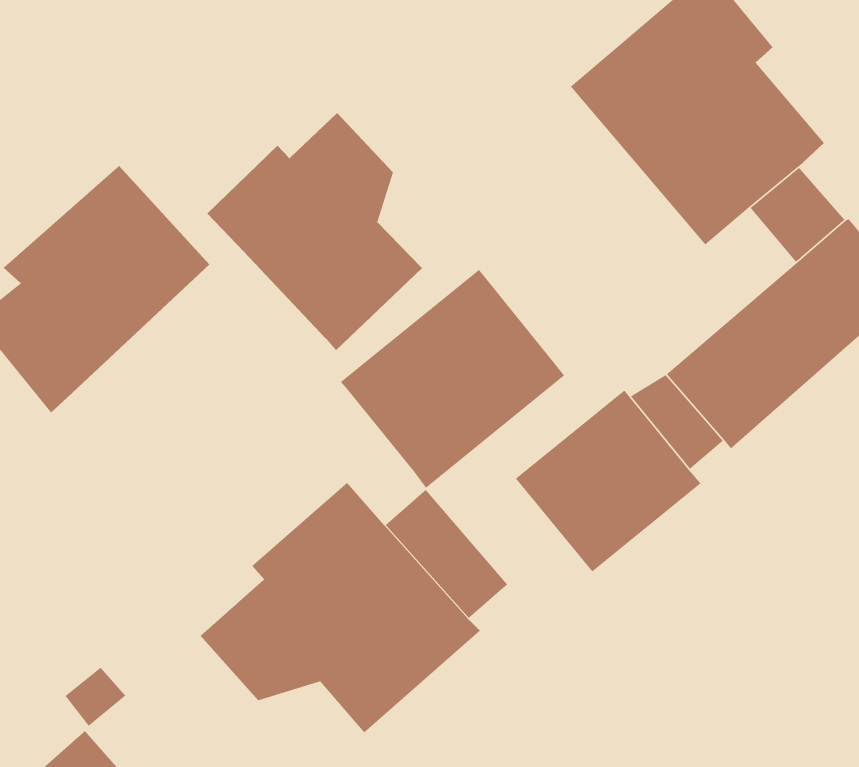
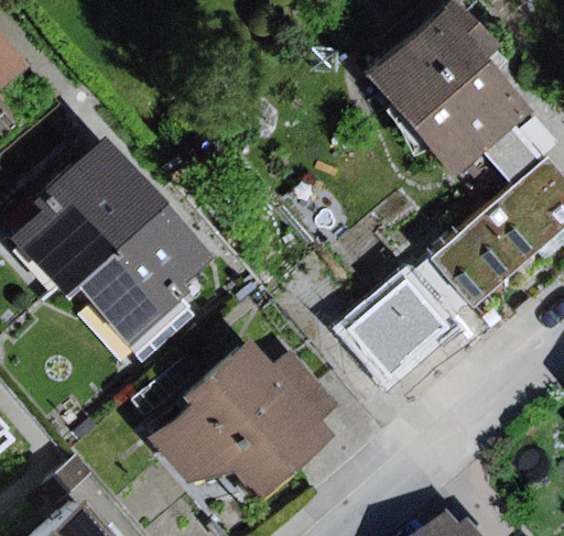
building: [207,112,423,351] -> none
building: none -> [54,193,196,341]
building: [340,269,565,489] -> none

